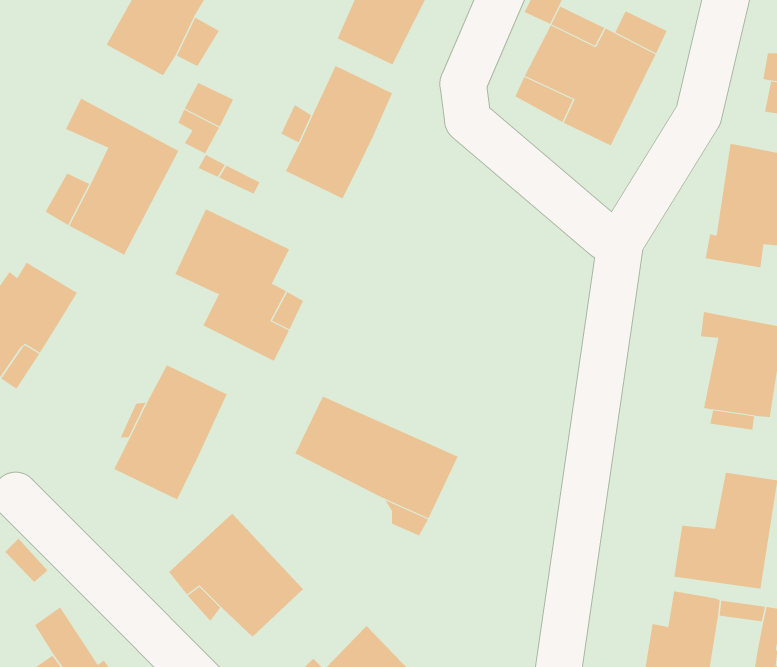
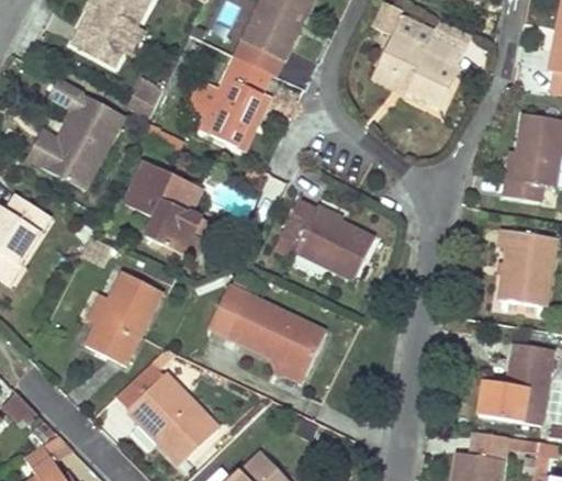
building: none -> [278,200,372,281]

